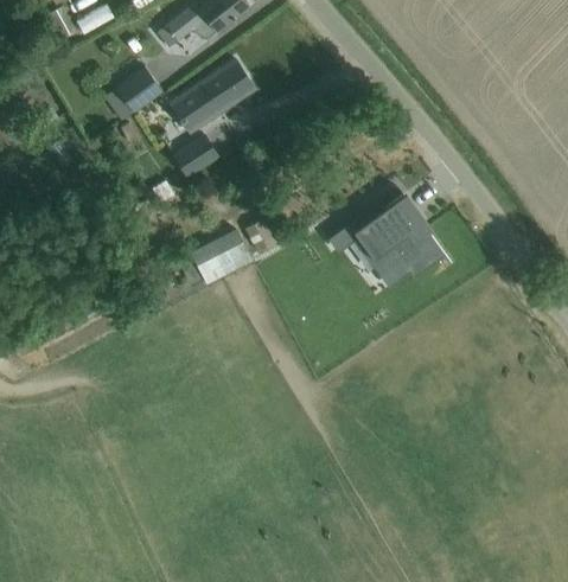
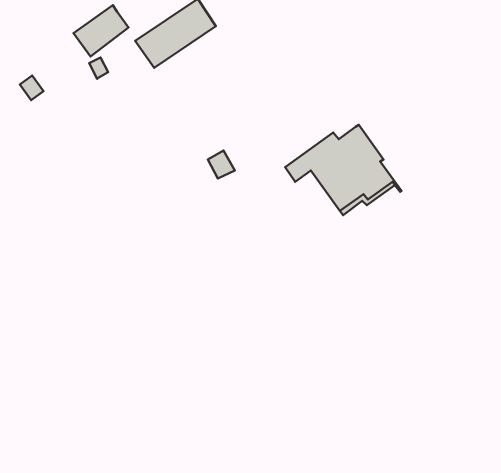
building: [171,134,218,177] -> none
building: [177,228,251,284] -> none

